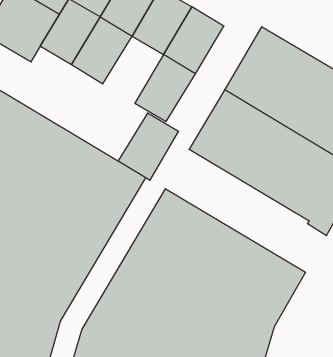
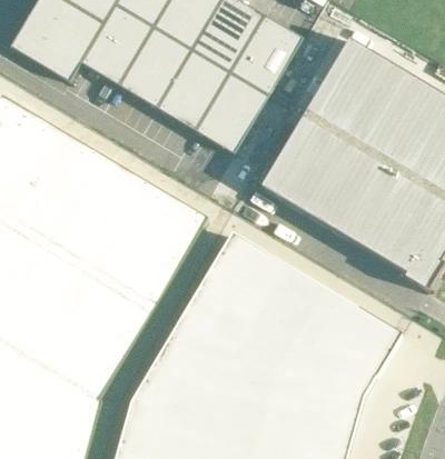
building: [118,113,179,180] -> [156,48,229,129]

